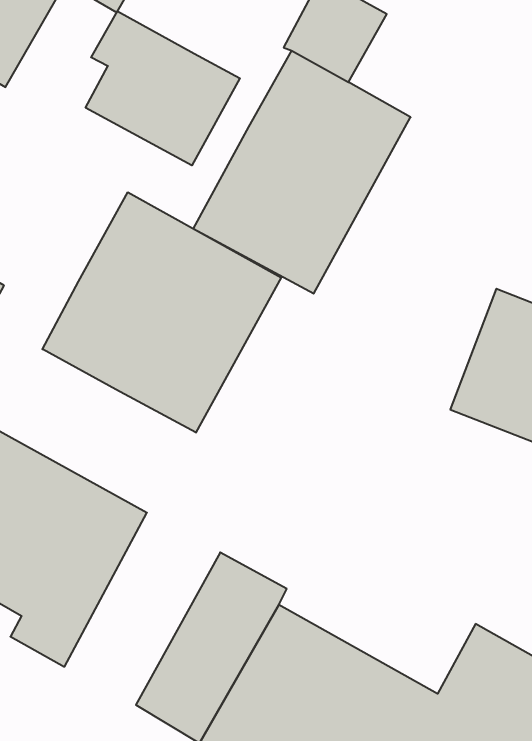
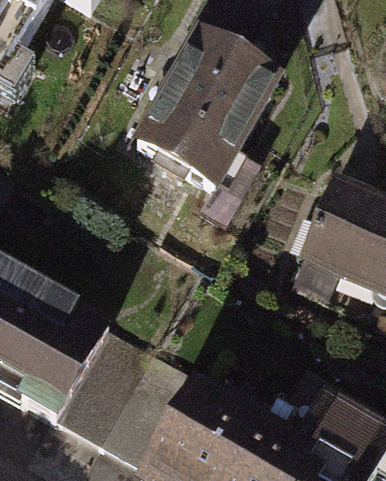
building: [86,11,240,165] -> none
building: [42,192,281,433] -> none
building: none -> [56,327,155,449]

